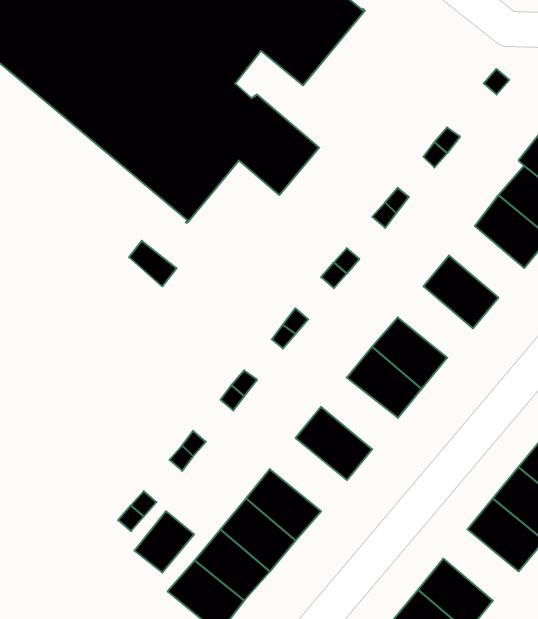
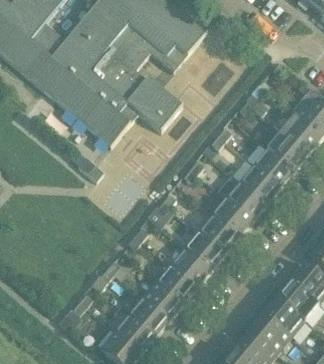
building: none -> [253,148,294,187]
building: none -> [225,181,266,220]
building: none -> [183,231,225,270]
building: none -> [155,264,197,304]
building: [134,511,194,573] -> none
building: none -> [250,314,291,353]

